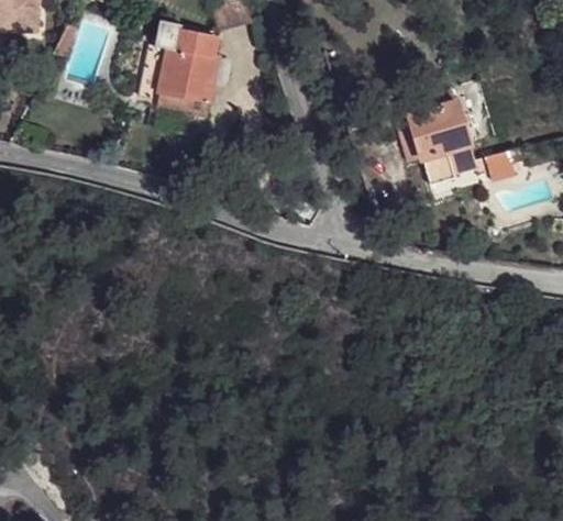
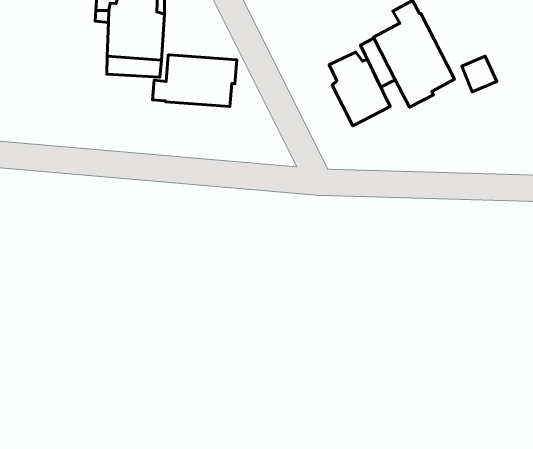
building: none -> [152,55,237,106]
building: none -> [329,52,390,126]

